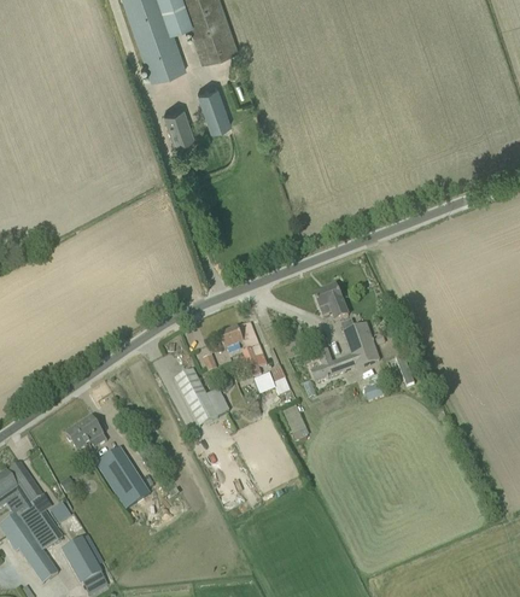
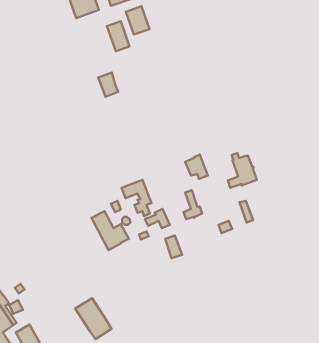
building: none -> [126,6,150,35]
building: [163,106,193,142] -> [98,73,118,97]
building: [335,320,379,371] -> [228,153,257,188]
building: [65,415,106,449] -> none
building: [95,446,150,508] -> [75,298,112,339]

